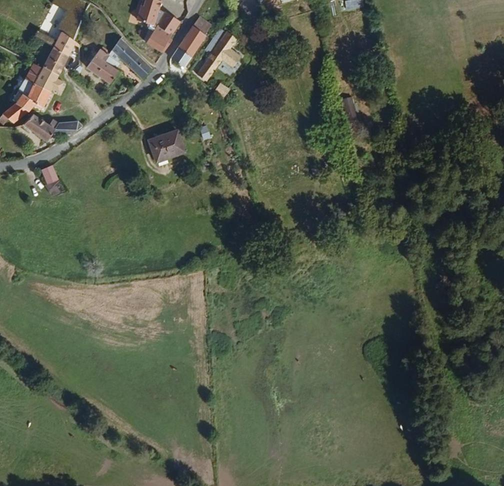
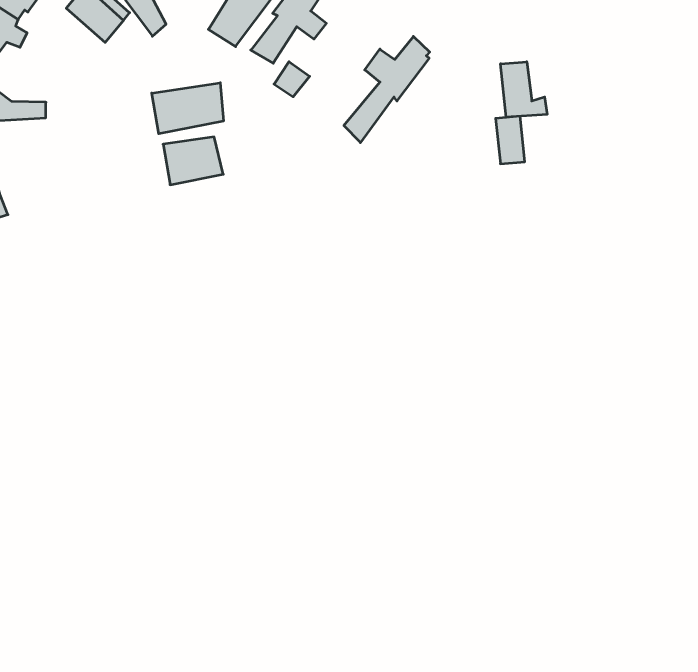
building: none -> [344,36,430,143]
building: none -> [501,62,547,117]
building: none -> [152,83,223,134]

